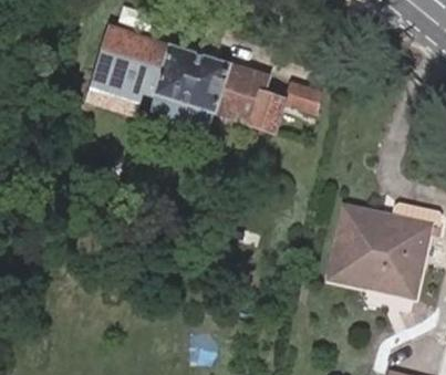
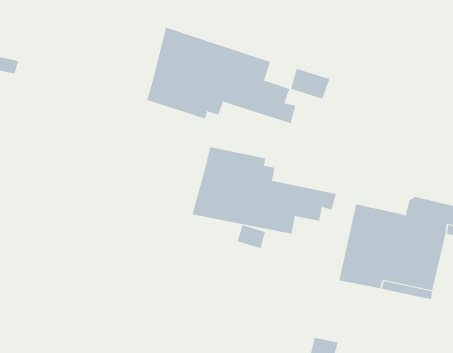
building: [90,25,169,110] -> none
building: none -> [192,146,336,234]

